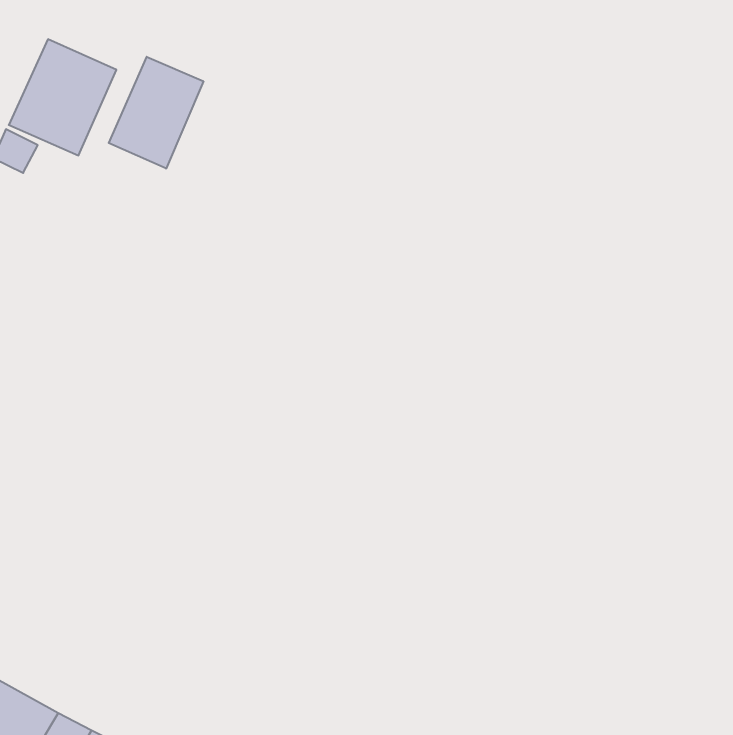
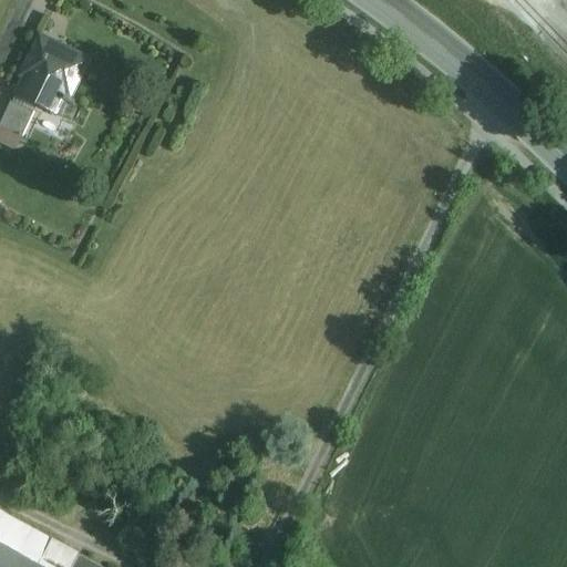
building: [109,57,203,169] -> none

